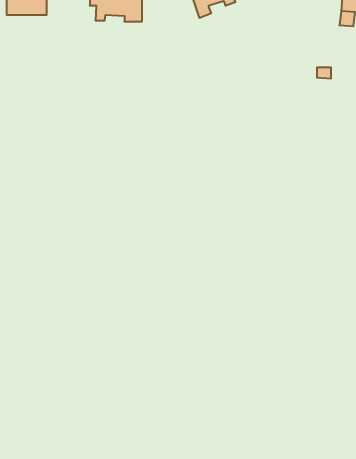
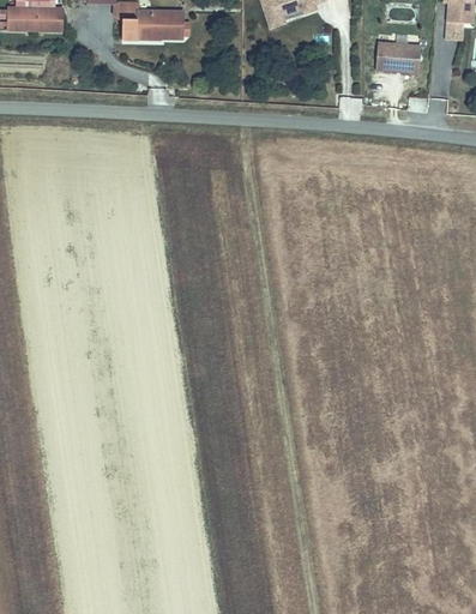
building: none -> [372,44,417,78]

